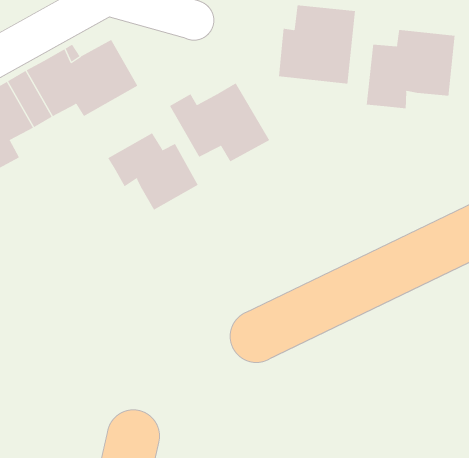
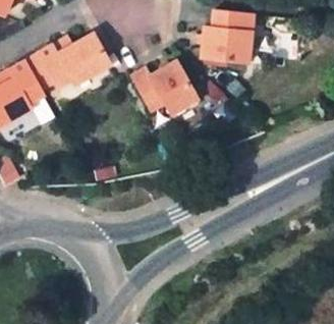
building: [366,29,455,109] -> none
building: [107,132,199,210] -> none

